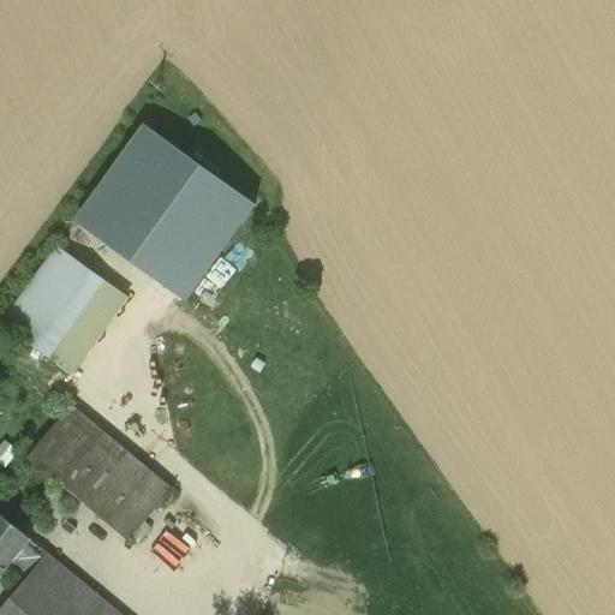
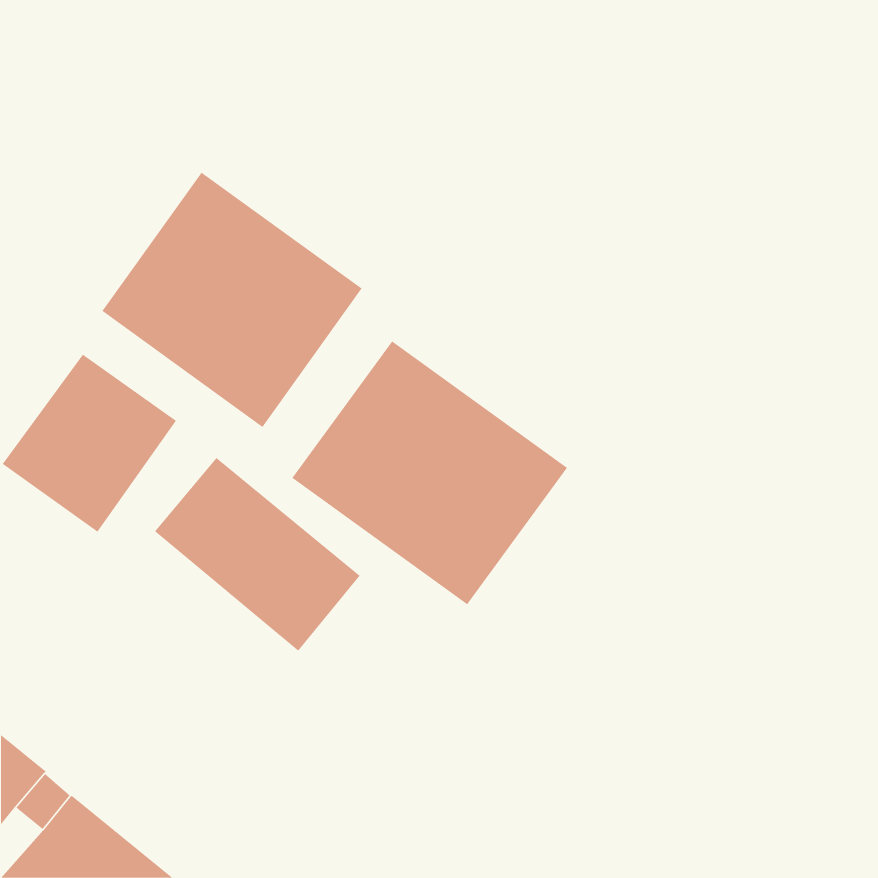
building: none -> [291,341,568,605]
building: [29,406,173,542] -> [154,457,360,651]

